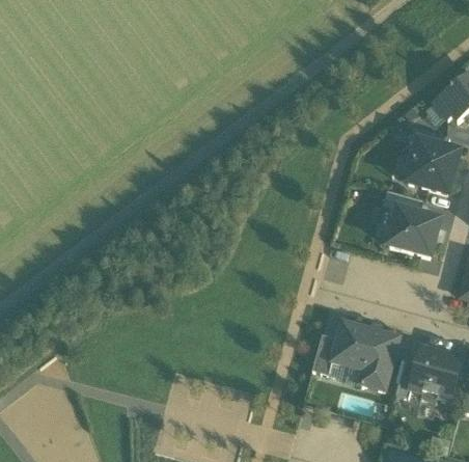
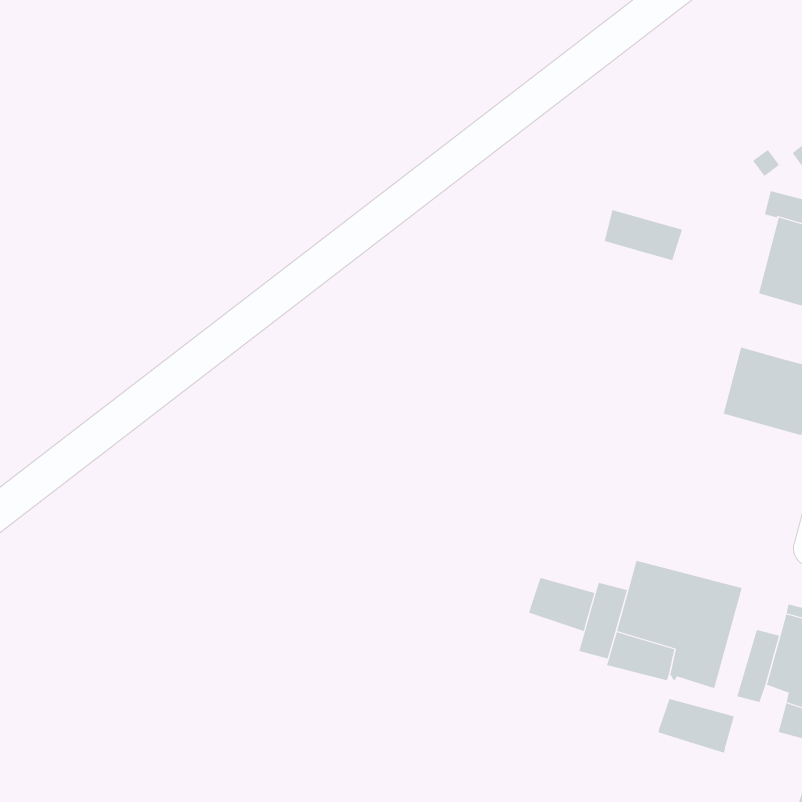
building: [383,189,424,216] -> [604,210,683,261]
building: none -> [529,577,595,632]
building: none -> [658,698,735,754]

